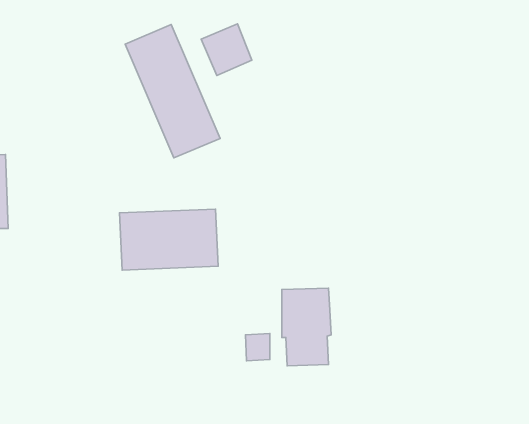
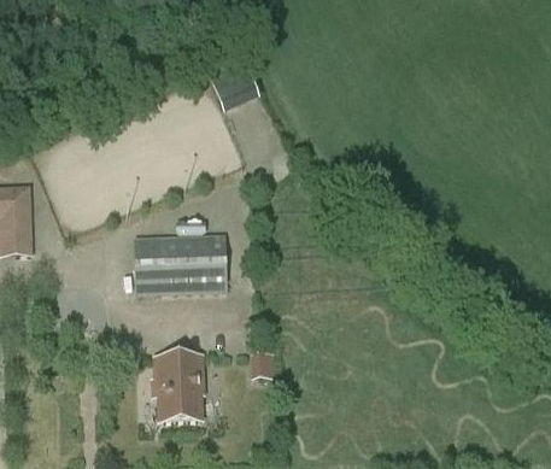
building: [125,25,220,158] -> none
building: [282,288,331,366] -> [160,354,206,427]

